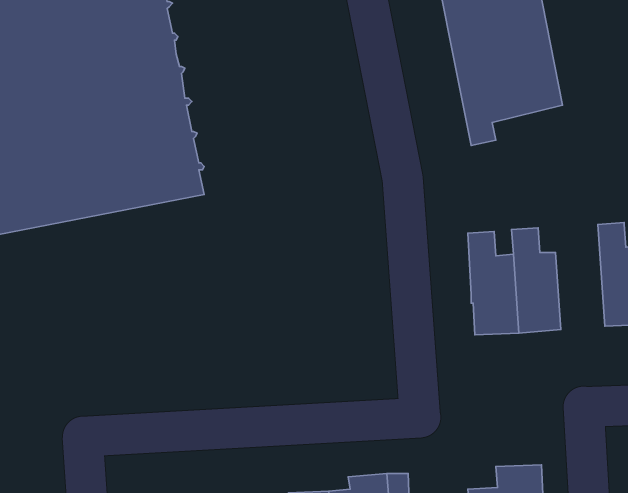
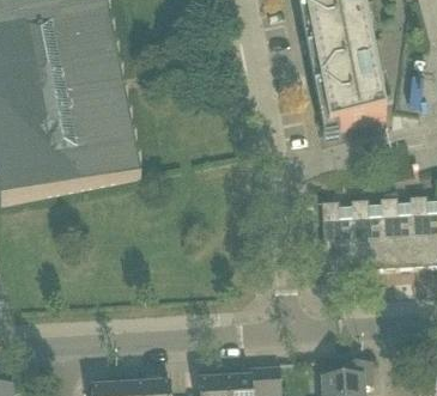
building: none -> [380,195,414,266]

